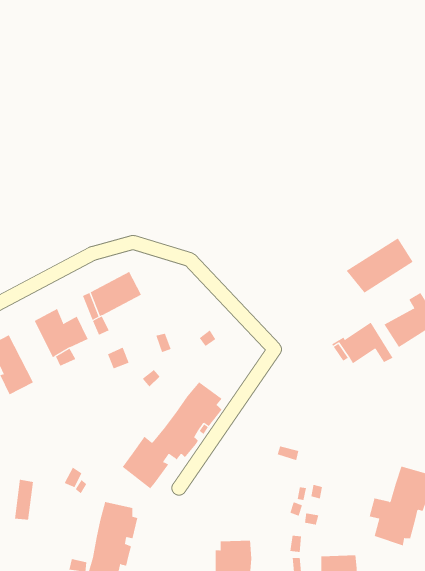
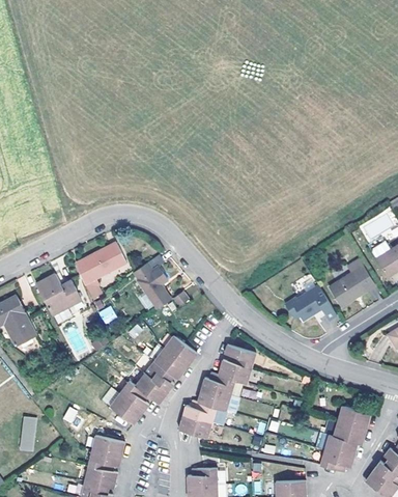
building: [346,237,414,293] -> none
building: none -> [134,261,172,308]
building: none -> [180,343,256,437]

